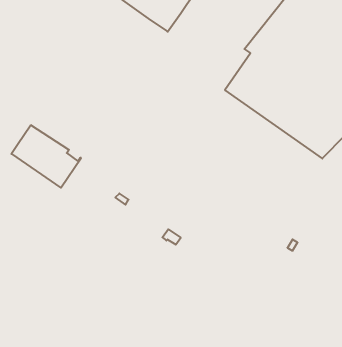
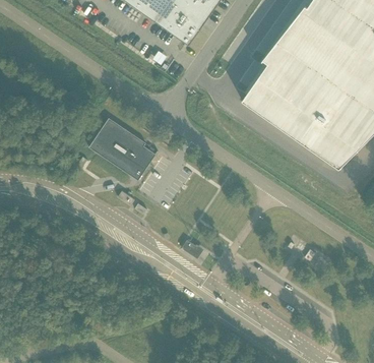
building: [11,125,81,188] -> [89,117,159,179]

